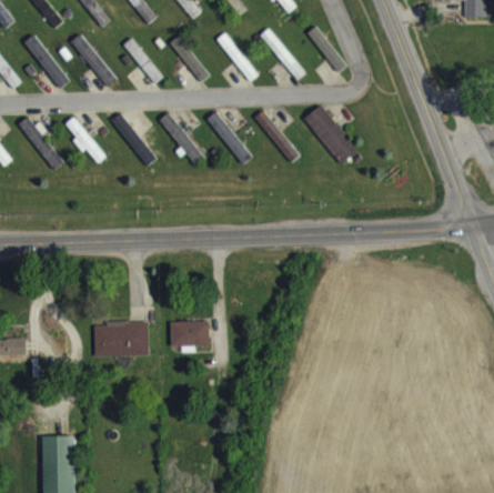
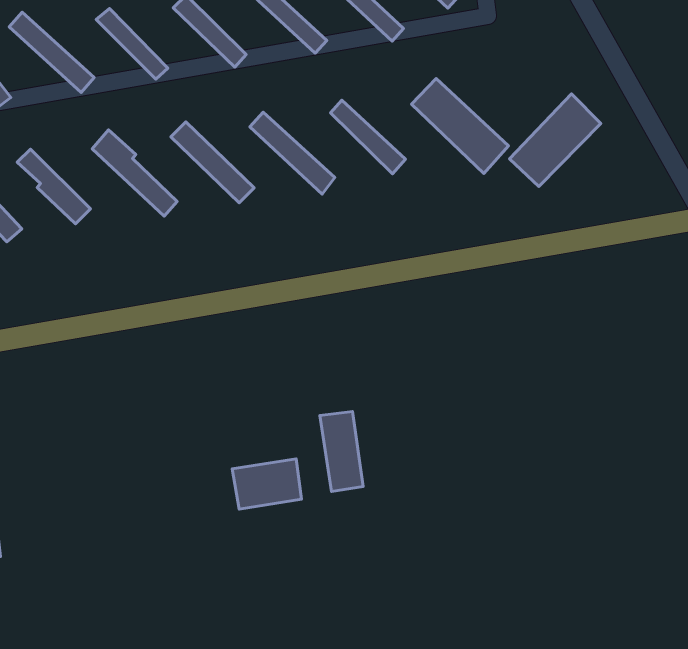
building: none -> [509,94,601,187]
building: none -> [320,411,363,492]
building: [94,322,150,355] -> none

